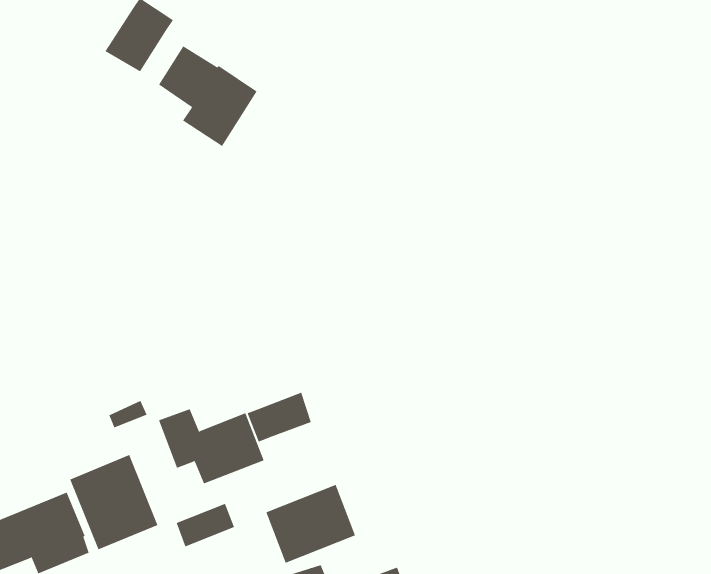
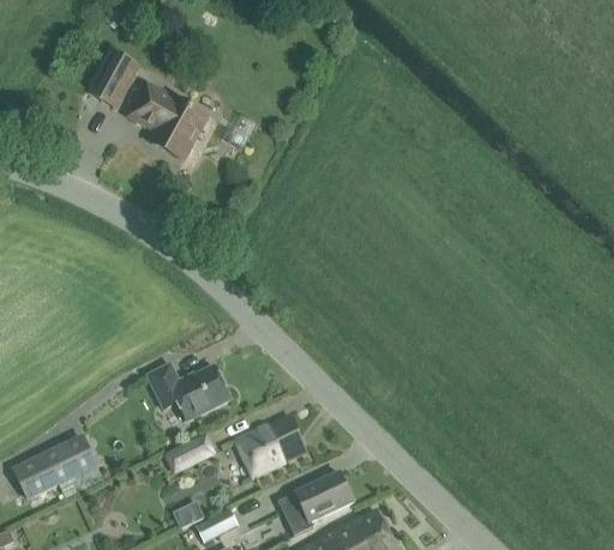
building: [247,392,312,442] -> none
building: [69,454,158,550] -> none

